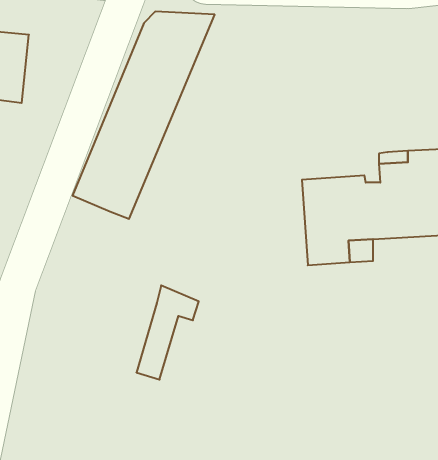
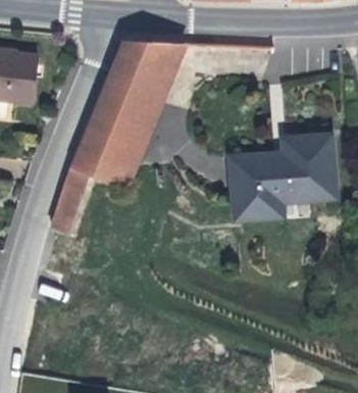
building: none -> [108,41,188,193]
building: [136,285,199,380] -> [51,168,95,235]

